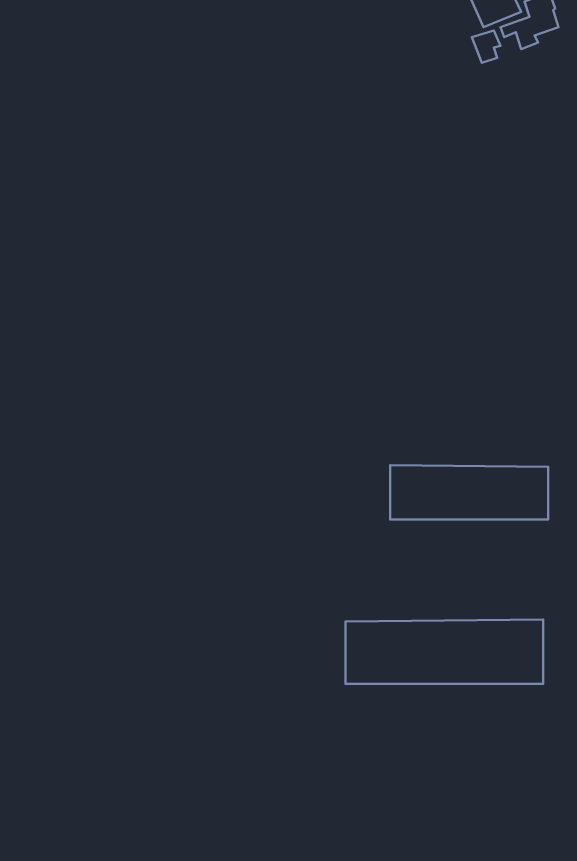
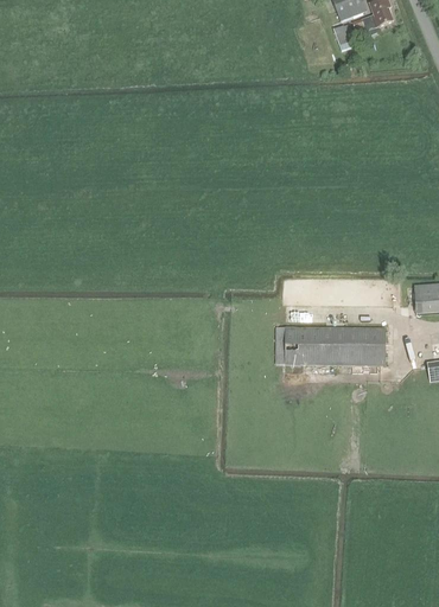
building: [346,619,543,684] -> none

